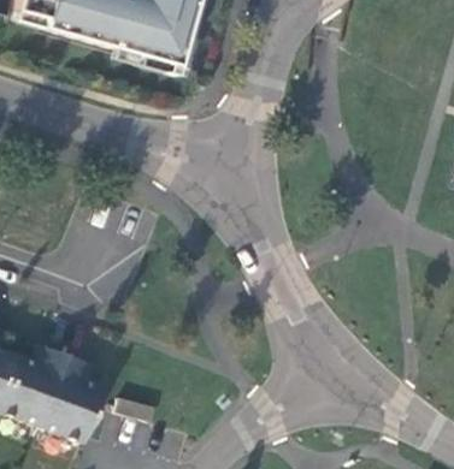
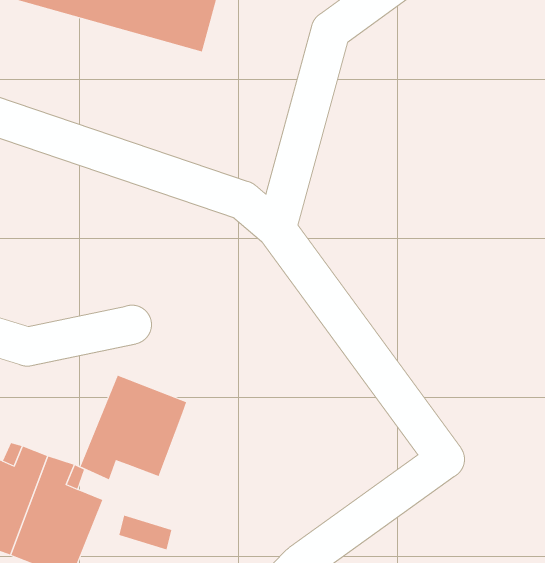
building: none -> [80,375,187,480]

